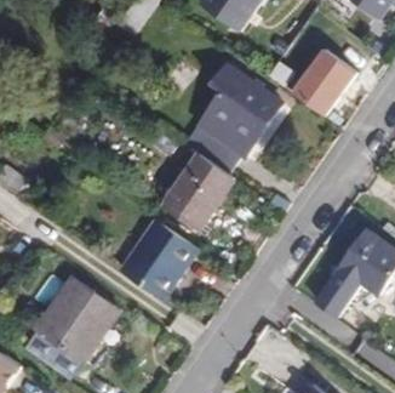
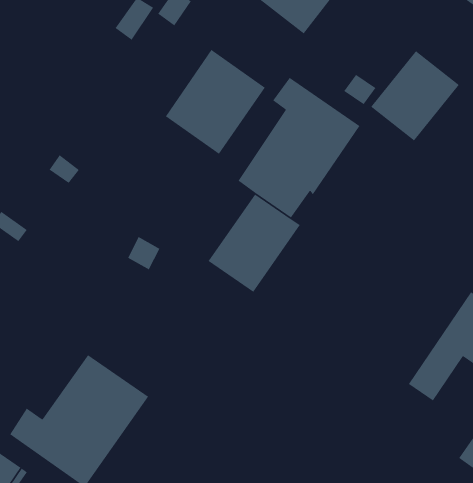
building: none -> [165,49,266,155]
building: [121,218,198,298] -> none

